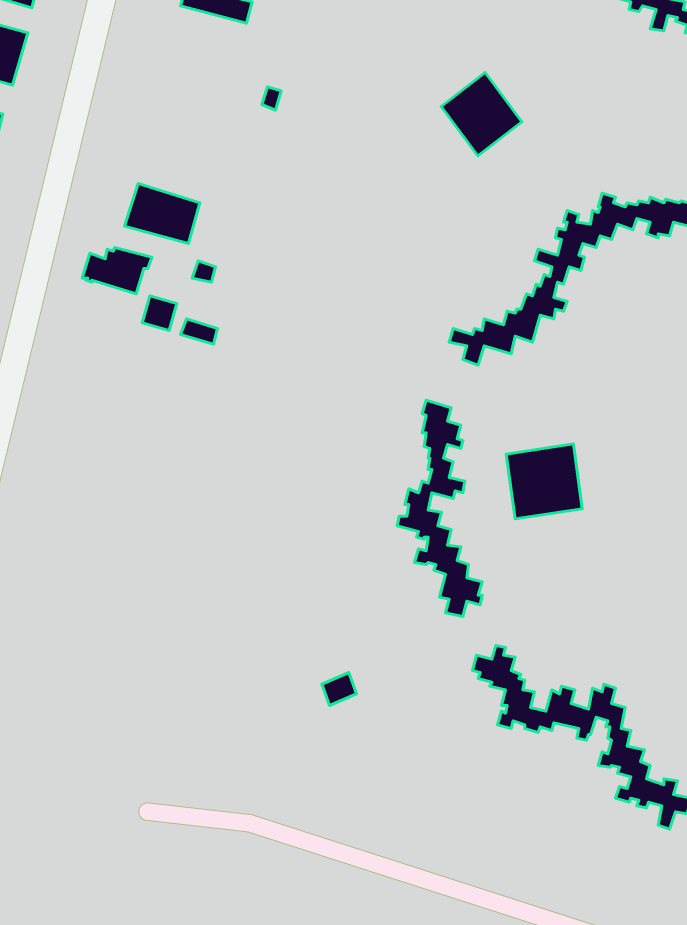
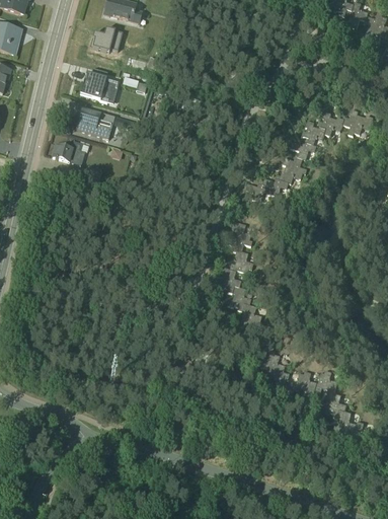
building: none -> [89,27,123,52]
building: [441,72,522,156] -> none
building: none -> [80,68,119,103]
building: [506,444,582,519] -> none

